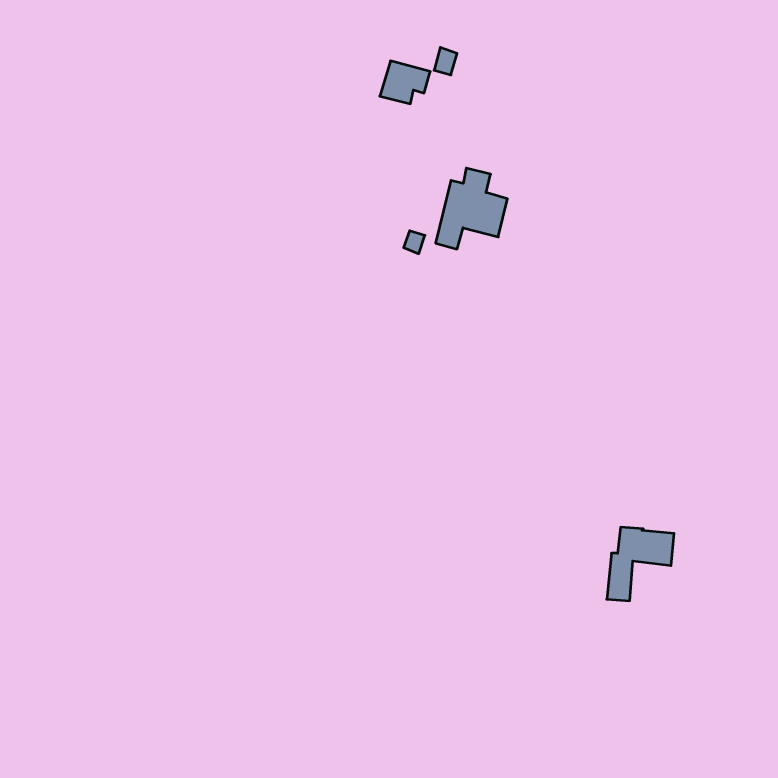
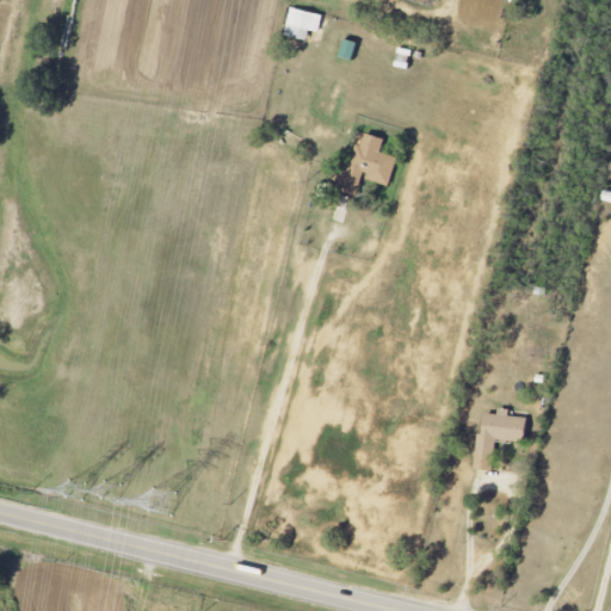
building: [380,61,430,104] -> [283,6,322,39]

